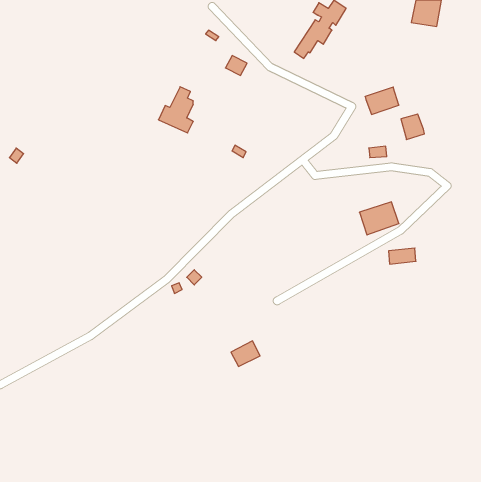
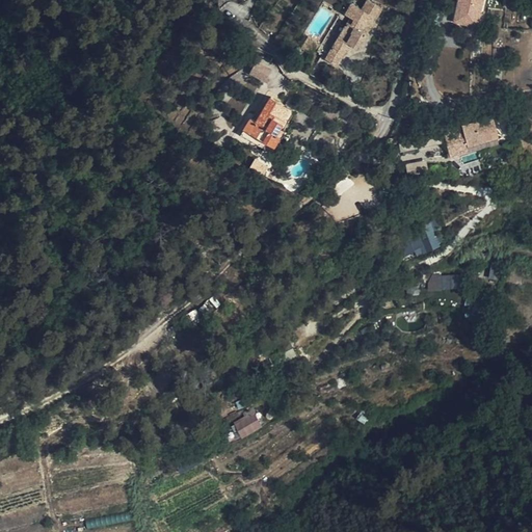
building: [158,87,193,133] -> [238,105,276,156]
building: [365,87,399,114] -> [460,112,498,142]
building: [231,341,260,366] -> [234,410,266,438]

